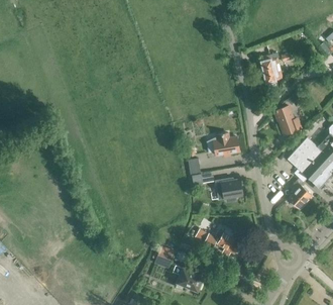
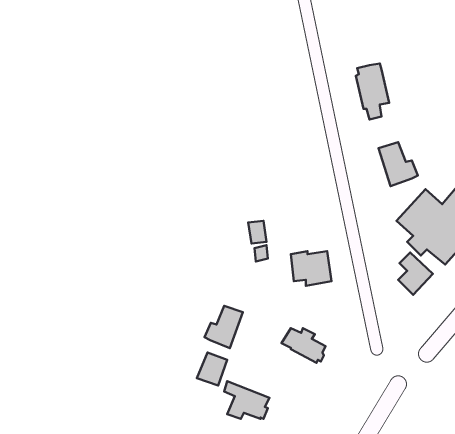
building: [207,132,239,155] -> none
building: none -> [204,306,243,348]

